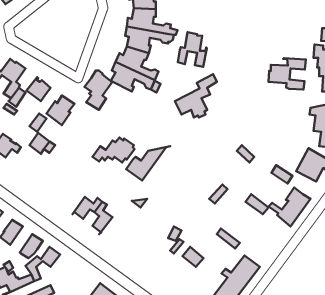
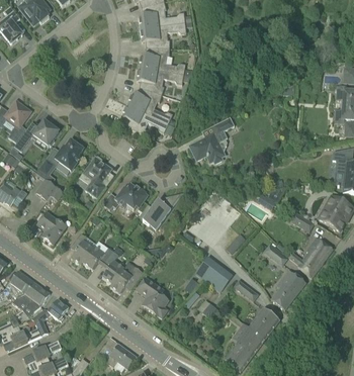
building: [178,32,207,67] -> none
building: [268,58,306,90] -> none
building: [84,71,112,110] -> [82,156,111,197]
building: none -> [36,212,65,244]
building: none -> [71,232,96,264]
building: none -> [195,257,233,291]
building: none -> [109,261,143,293]
building: none -> [271,269,305,307]
building: none -> [136,276,169,317]
building: none -> [12,277,38,308]

